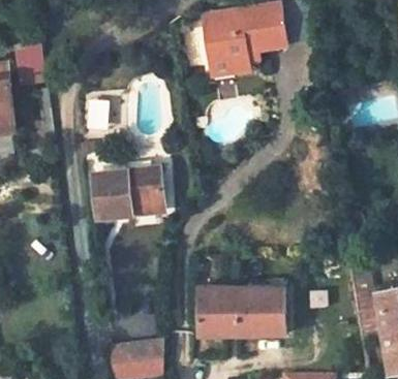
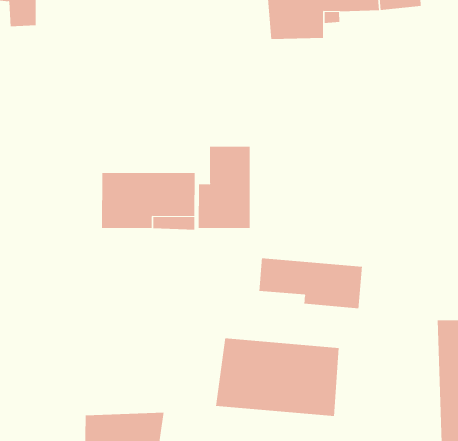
building: none -> [198,146,250,229]
building: none -> [259,257,362,309]

